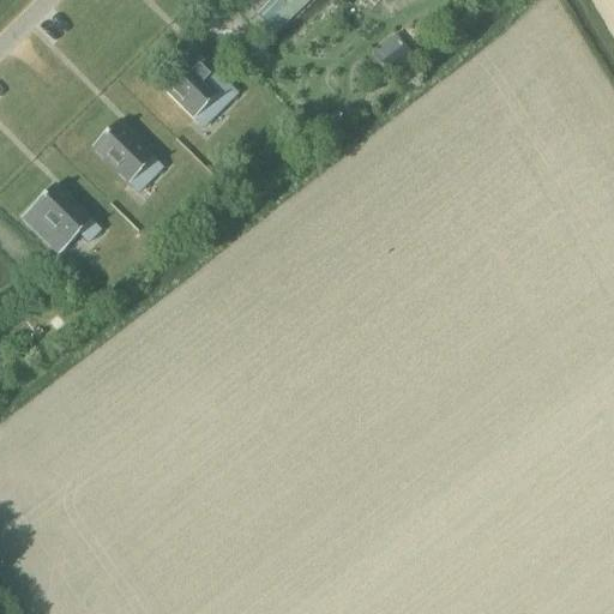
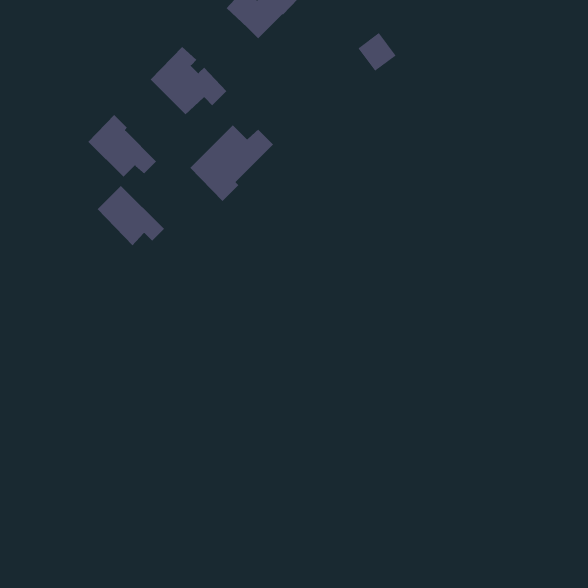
building: none -> [190,124,274,202]
building: [30,185,101,248] -> [97,185,165,246]

